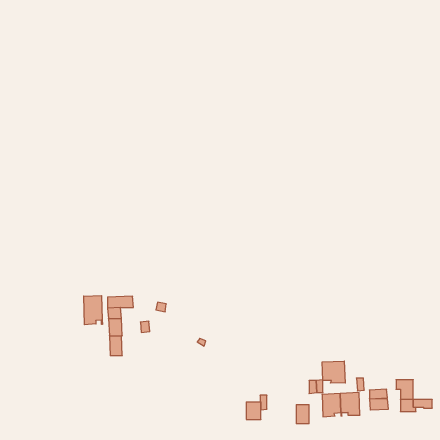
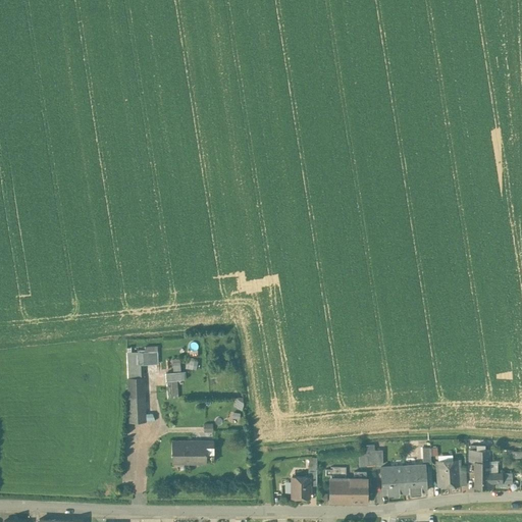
building: [84,296,102,325] -> none
building: [322,361,345,383] -> none
building: none -> [172,441,206,463]
building: none -> [330,478,351,502]

